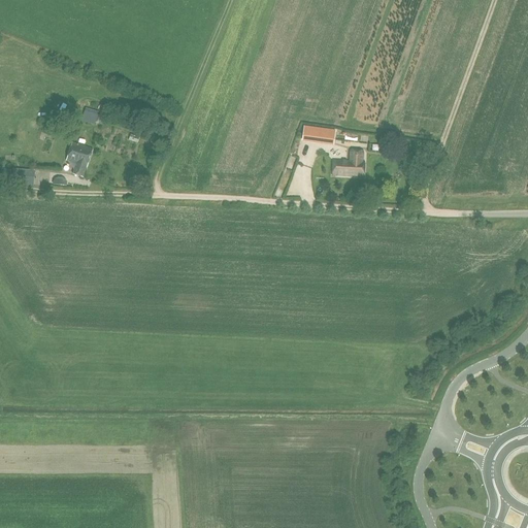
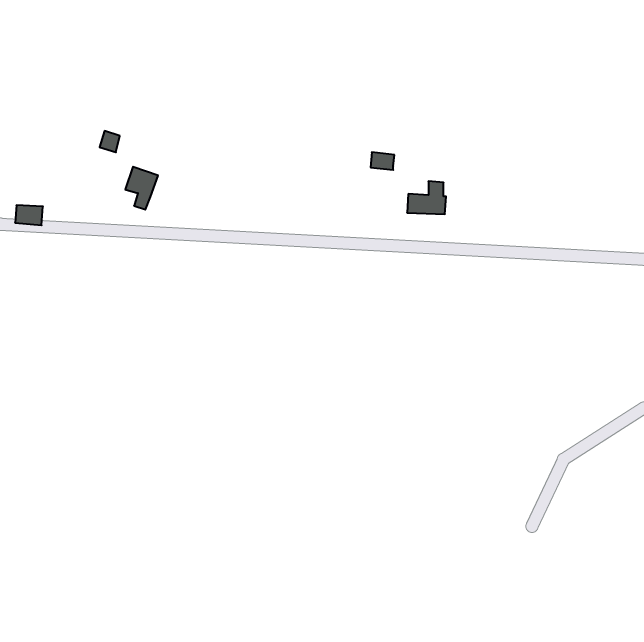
building: [66,141,93,176] -> [125,167,158,210]

